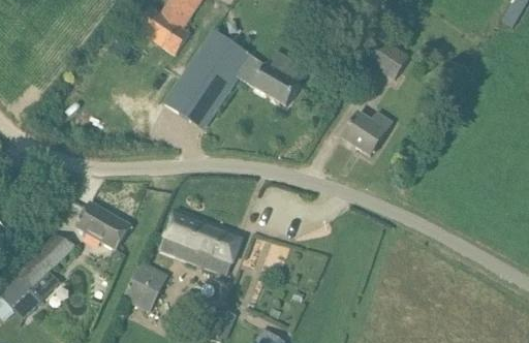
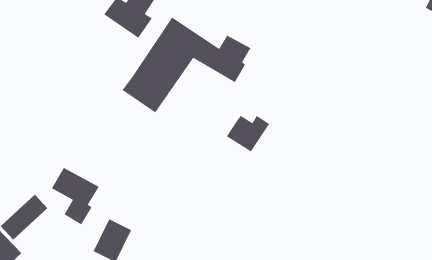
building: [366,37,409,79] -> none
building: [341,112,392,155] -> [226,115,270,153]
building: [160,209,242,276] -> none

